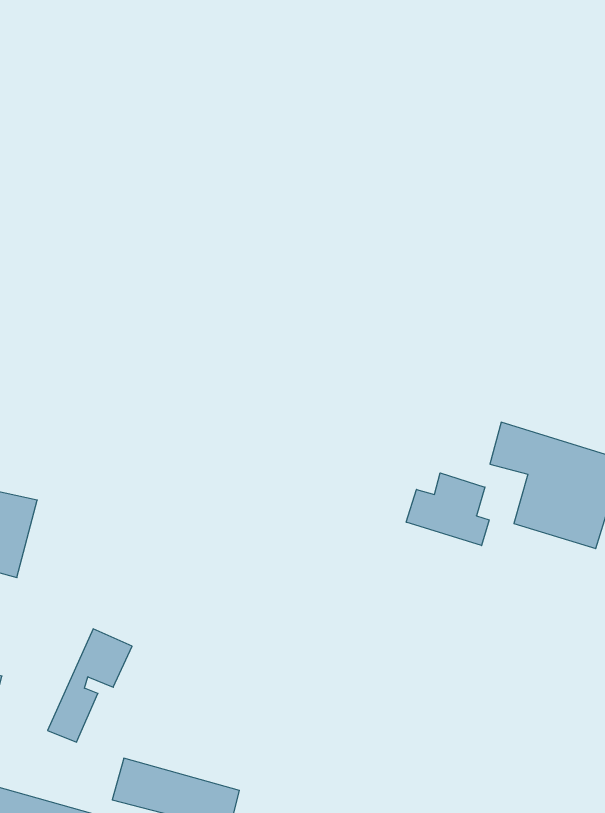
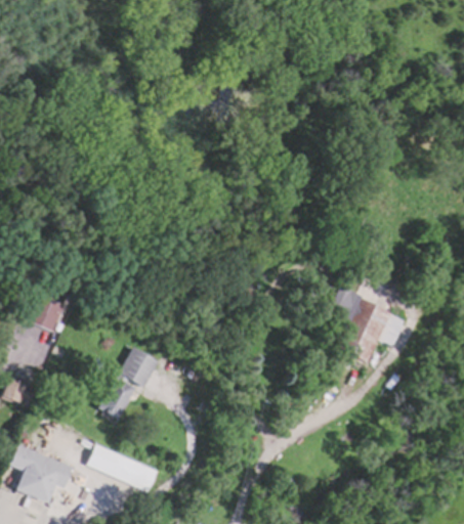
building: [406,473,489,546] -> none
building: [48,629,132,742] -> [103,358,159,421]

